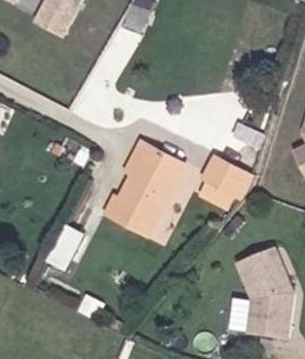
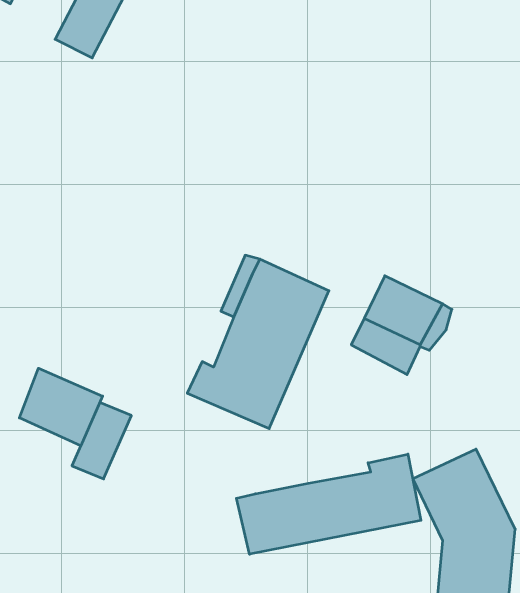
building: none -> [19,368,103,446]
building: none -> [236,454,421,554]

